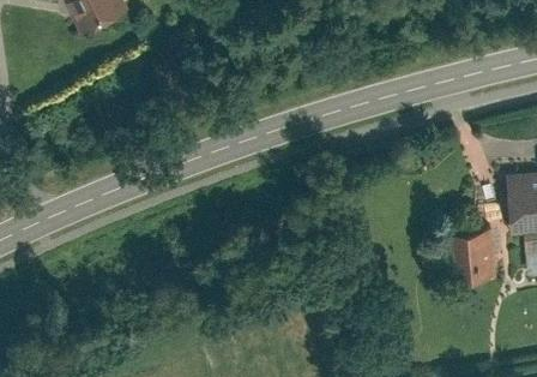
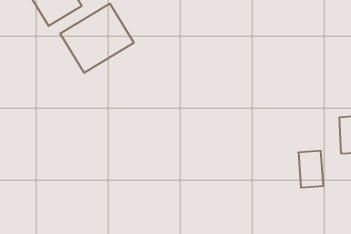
building: none -> [60,4,134,73]

